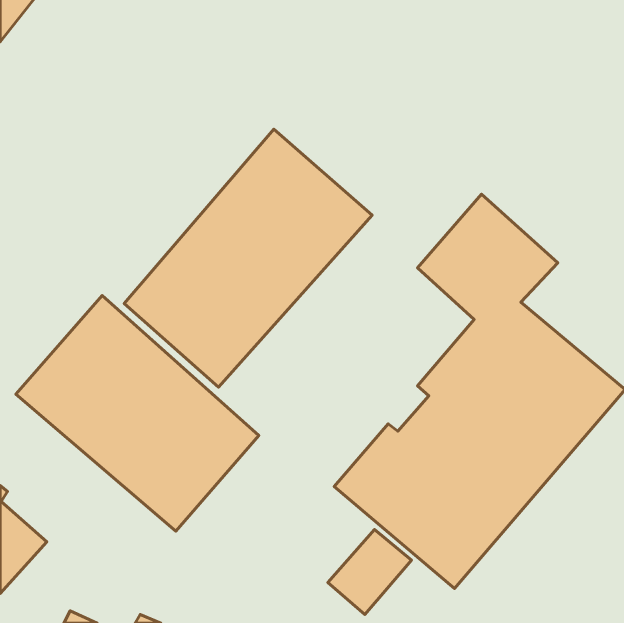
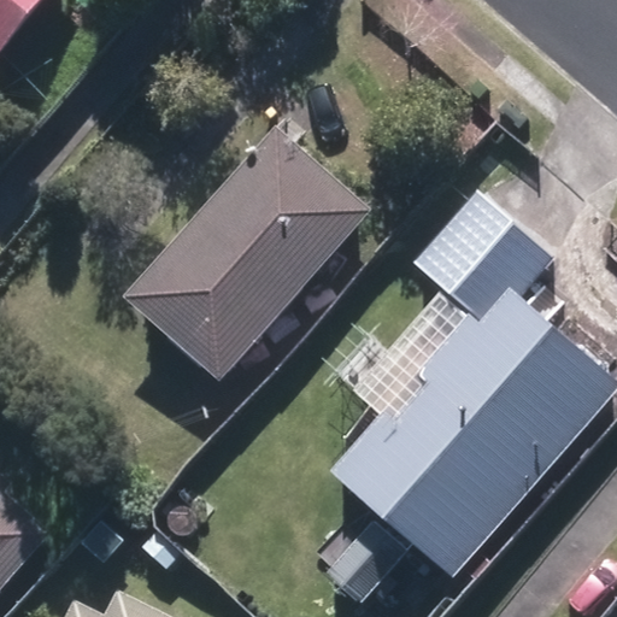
building: [16,295,259,531] -> none

